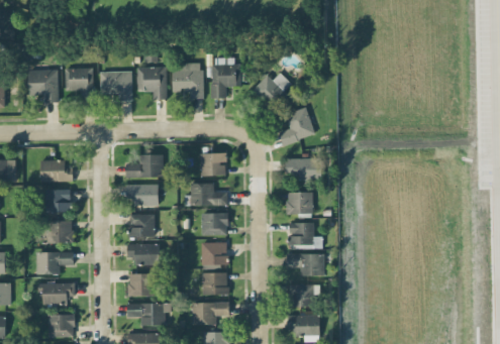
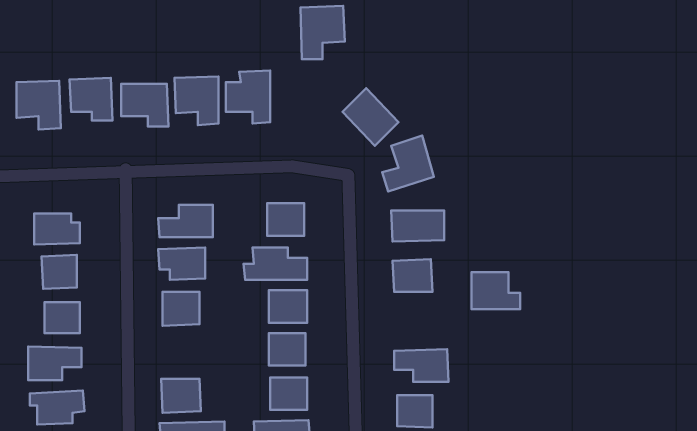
building: [210,62,240,98] -> [300,6,345,59]
building: [289,223,322,248] -> [472,272,520,309]
building: [126,243,159,264] -> none

